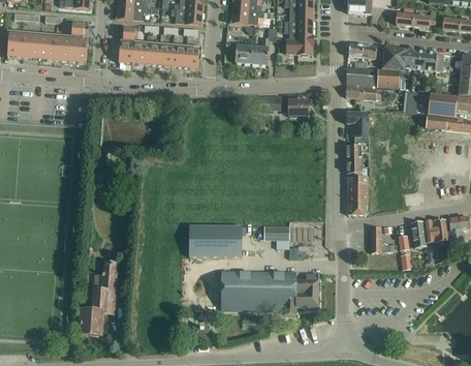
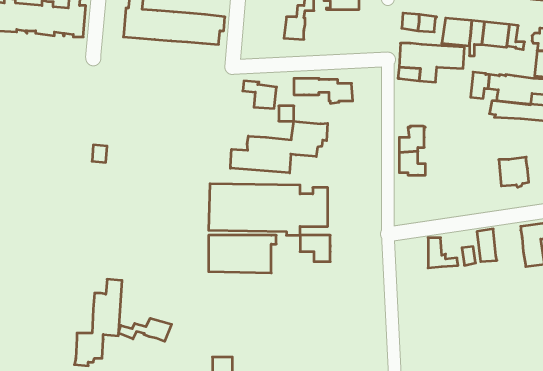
building: [286,39,313,55] -> none
building: [225,40,253,63] -> [243,81,277,108]
building: [346,112,368,136] -> none
building: none -> [230,121,328,173]
building: [347,176,368,214] -> none
building: [423,218,448,243] -> [499,157,529,187]
building: [220,271,318,313] -> [209,184,328,235]
building: none -> [119,318,172,341]

